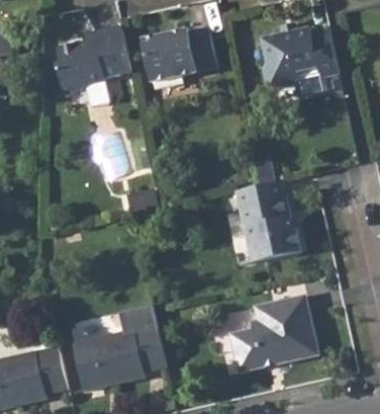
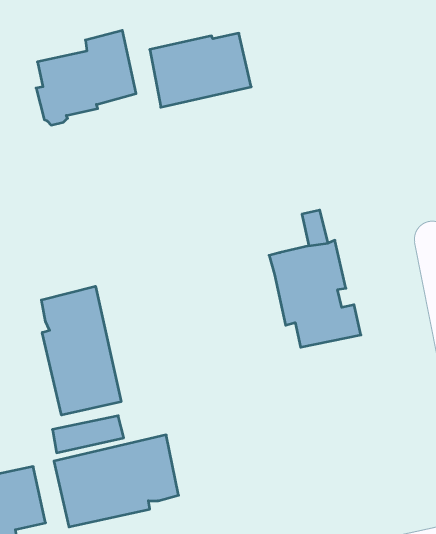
building: [260,29,339,89] -> none
building: none -> [41,286,121,415]
building: [225,298,315,375] -> none

